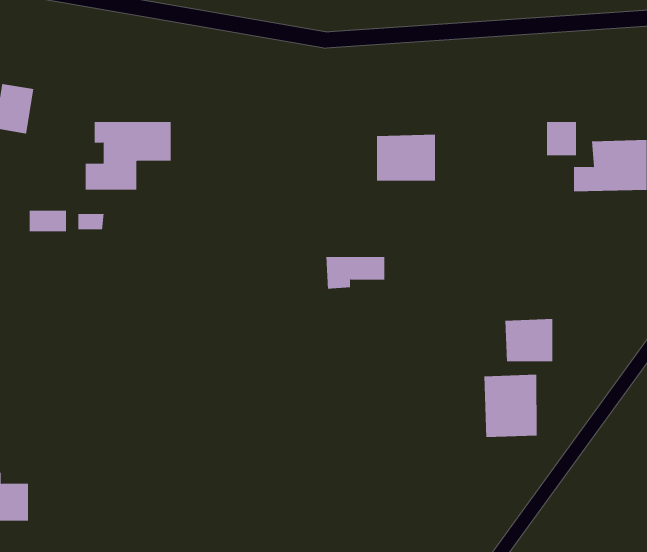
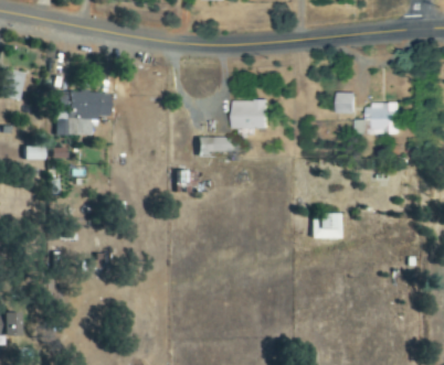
building: [325,257,385,289] -> [198,137,234,157]
building: [484,374,537,438] -> none

